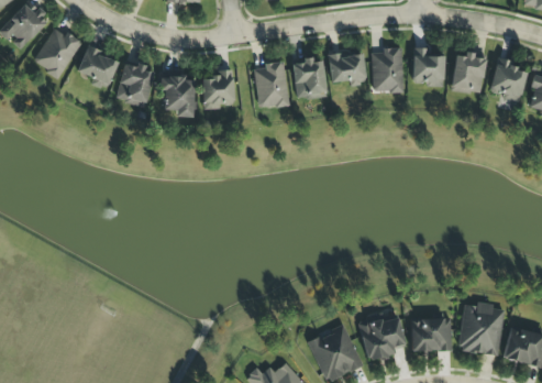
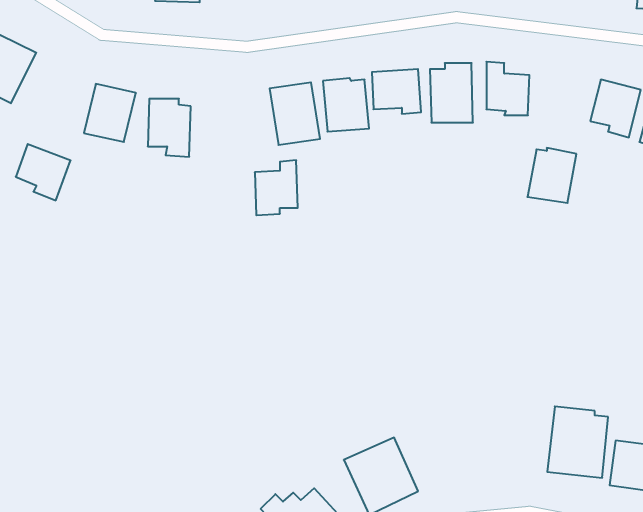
building: [78,46,119,88] -> [16,144,71,200]
building: [451,53,487,94] -> [527,148,576,203]
building: [202,68,234,109] -> [255,160,298,215]
building: [358,314,406,360] -> none
building: [411,317,452,350] -> none

